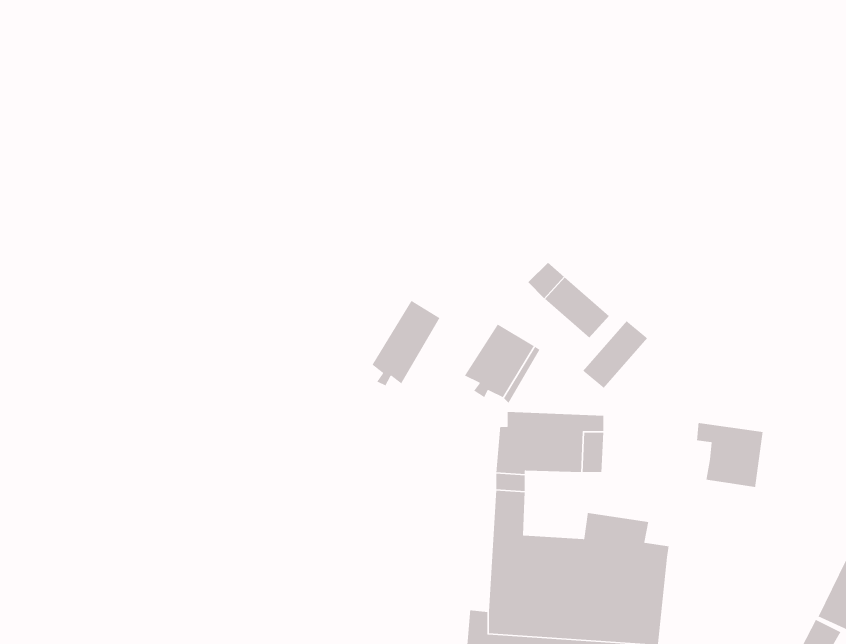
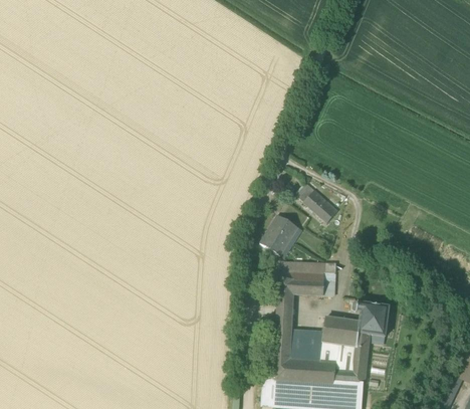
building: [372,300,441,387] -> none
building: [582,320,648,389] -> none
building: [696,422,763,488] -> [352,301,389,337]

